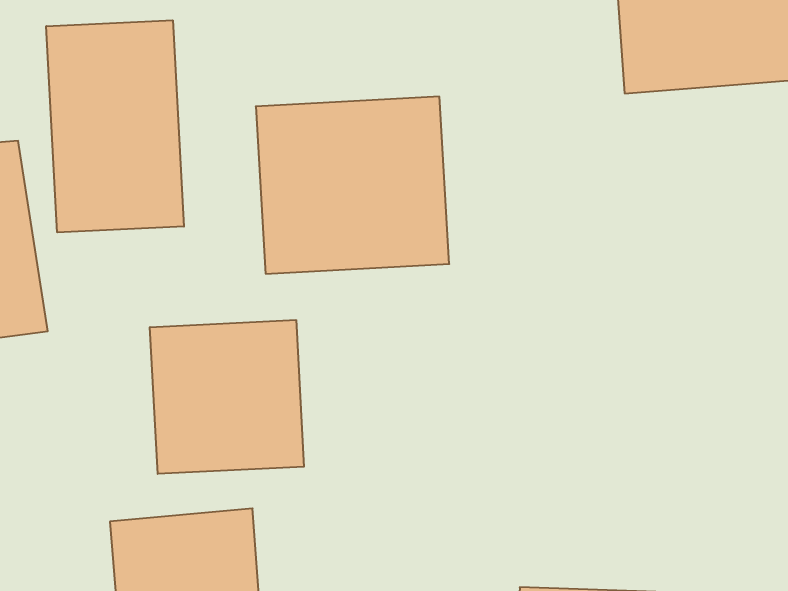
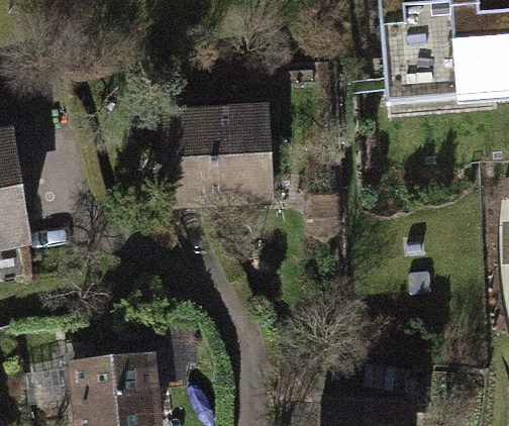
building: [46,20,184,232] -> none
building: [150,320,304,474] -> none

